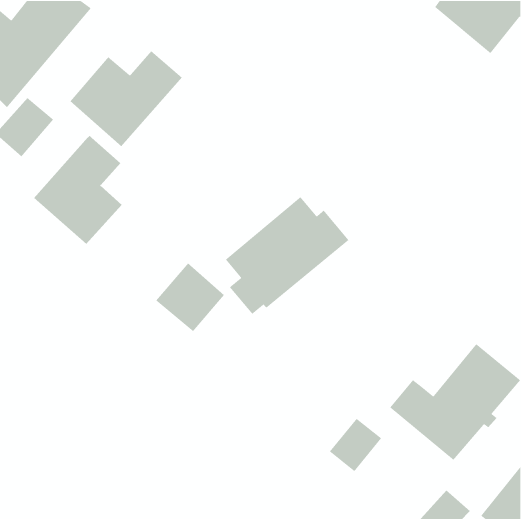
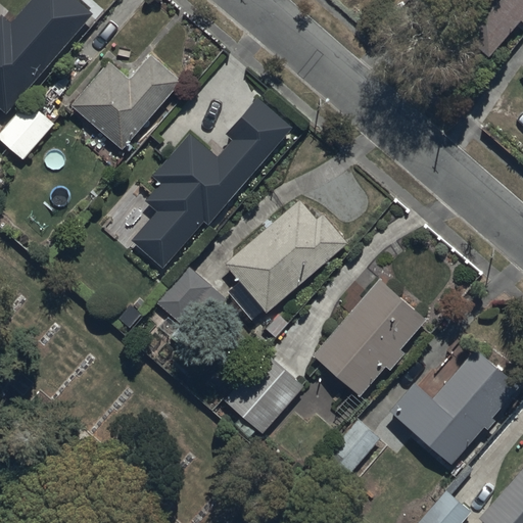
building: none -> [131,96,293,269]
building: [33,135,123,245] -> none
building: none -> [313,278,427,396]
building: none -> [224,351,304,433]

